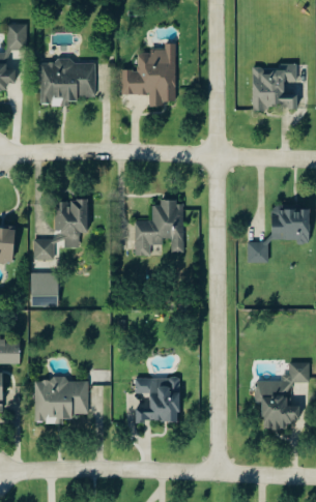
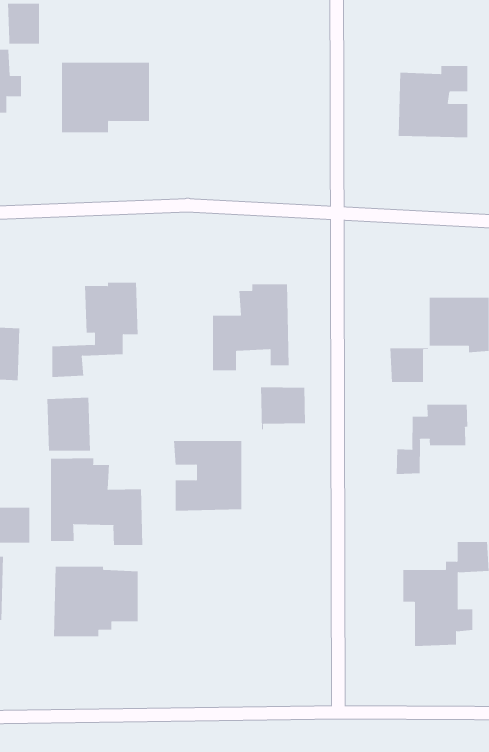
building: [121,43,175,107] -> none
building: none -> [261,386,305,430]
building: none -> [396,404,468,475]
building: none -> [51,458,143,546]
building: [135,378,178,422] -> [173,440,242,511]

